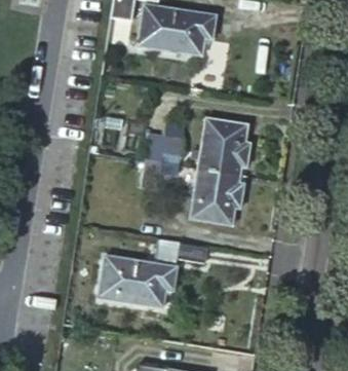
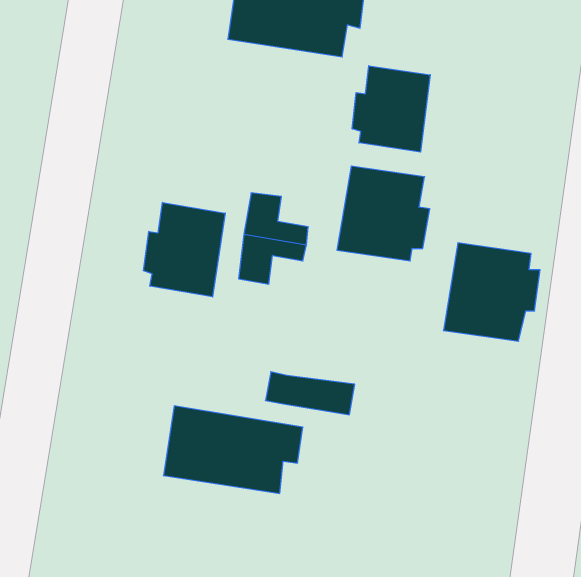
building: none -> [352,66,430,152]
building: none -> [143,202,225,297]
building: [186,165,241,222] -> [443,243,540,341]

